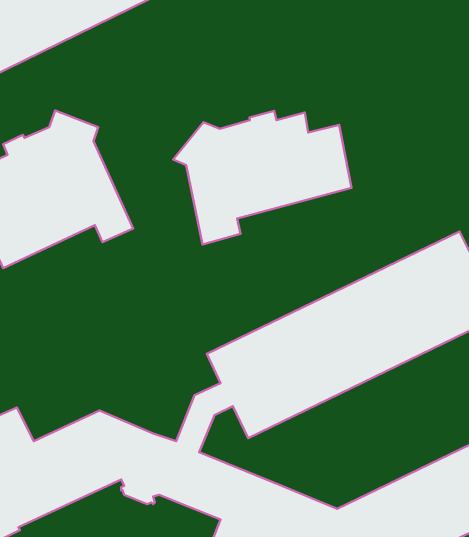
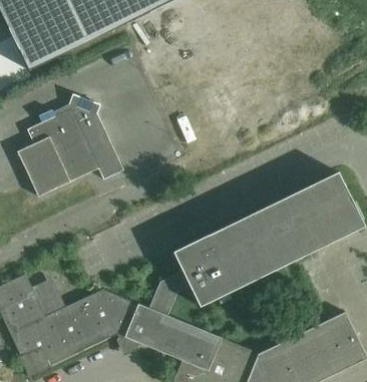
building: [173,111,352,244] -> none

